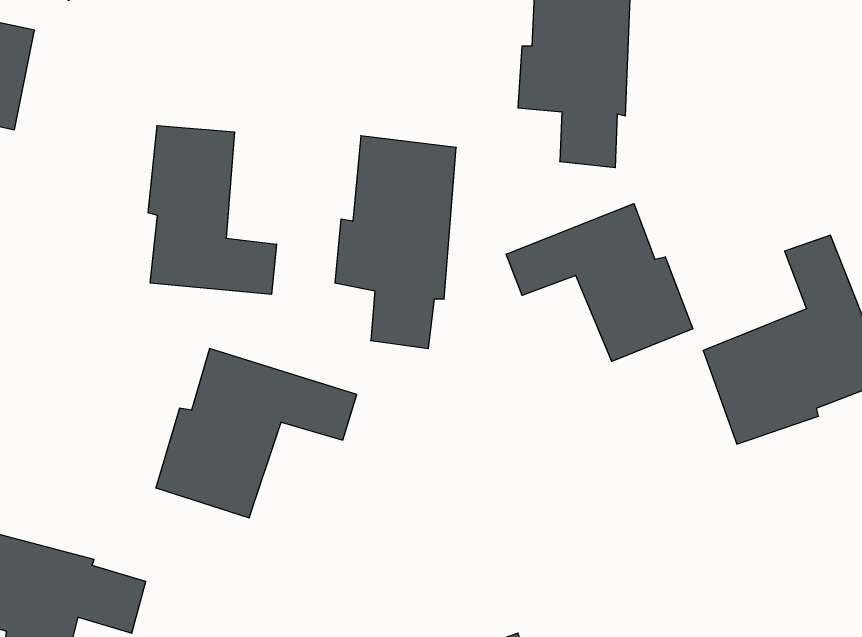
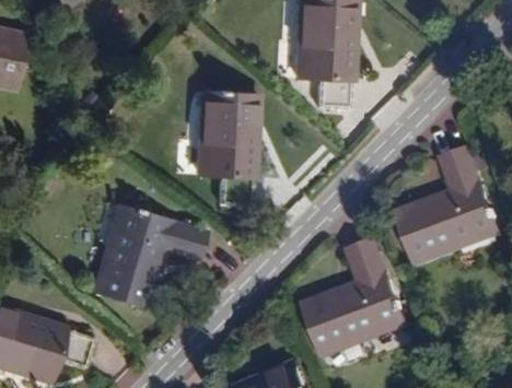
building: [148,125,277,294] -> none
building: [506,204,693,361] -> none
building: none -> [303,239,404,358]

